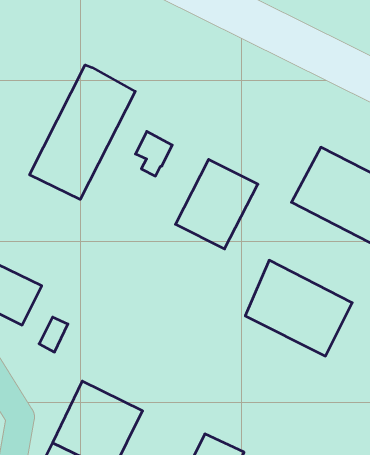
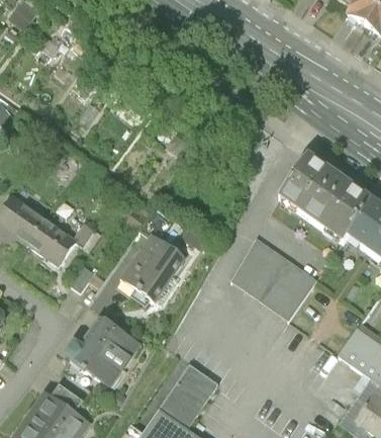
building: [30,65,135,199] -> none
building: [175,159,258,249] -> [119,229,187,299]

